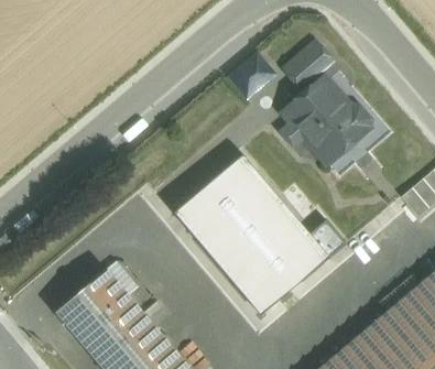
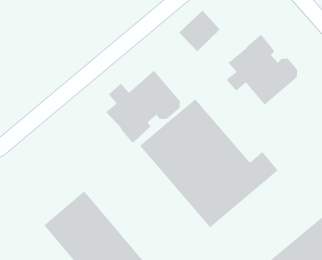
building: [285,43,338,94] -> none
building: none -> [105,70,181,143]

